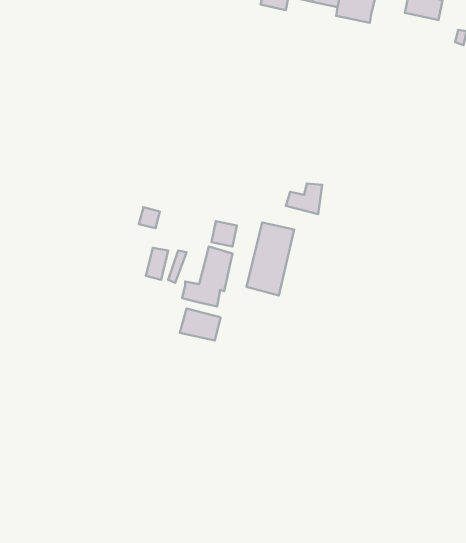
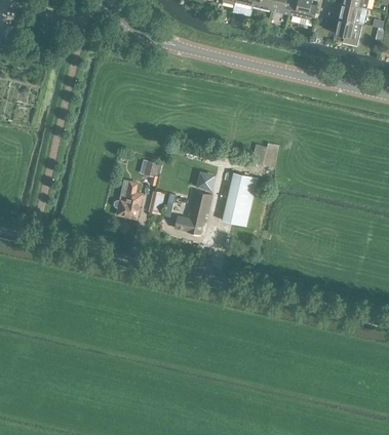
building: none -> [334,17,361,44]
building: none -> [113,181,142,217]
building: [180,309,220,340] -> none

